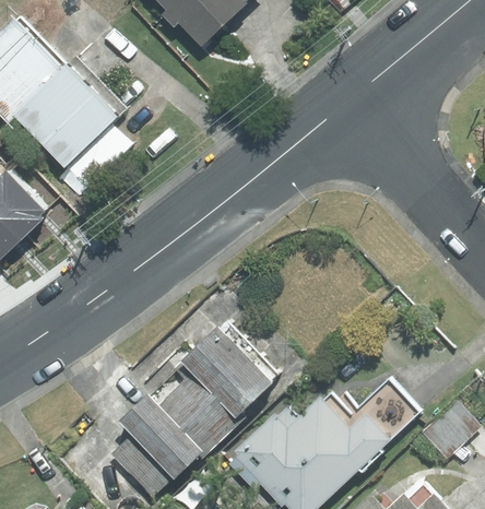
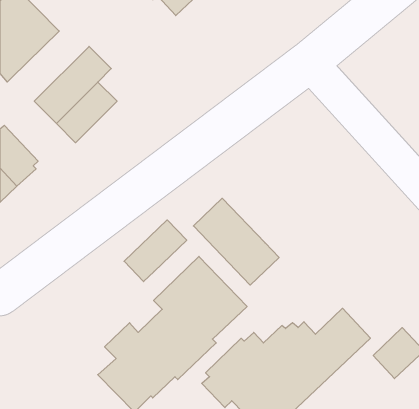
building: [13,56,102,143] -> none
building: none -> [193,198,279,285]
building: none -> [124,220,187,282]

